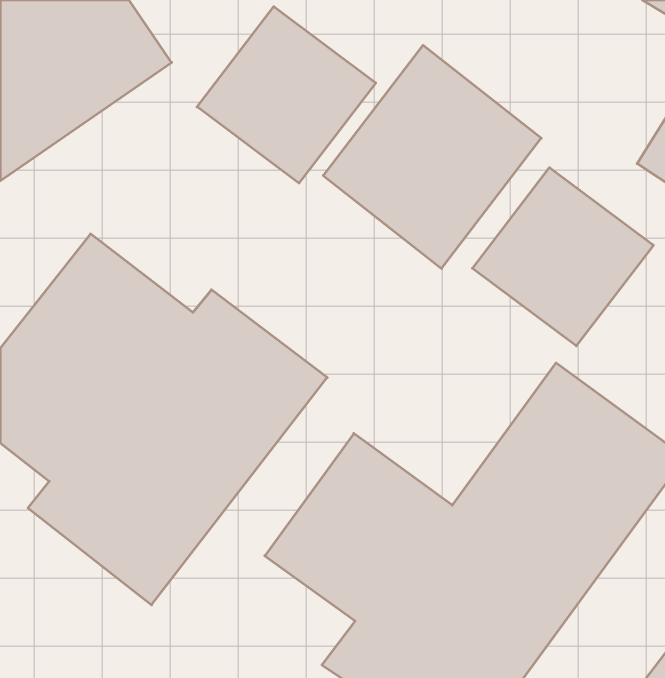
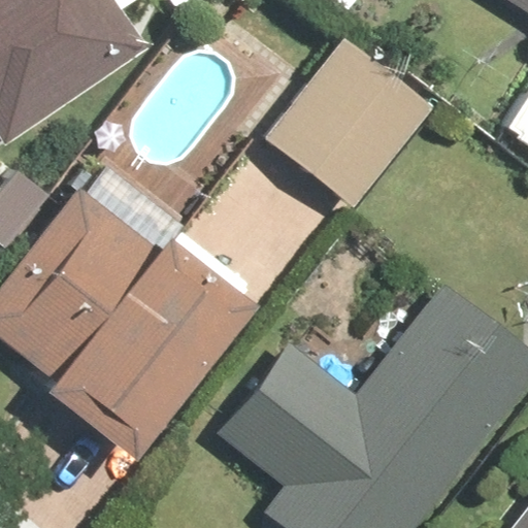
building: [197,7,376,183] -> none
building: [472,168,653,346] -> none

